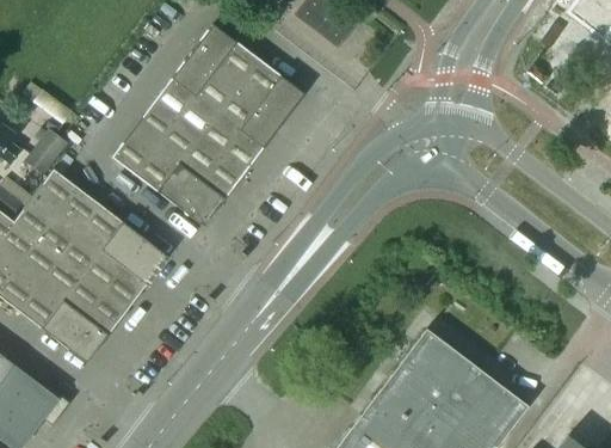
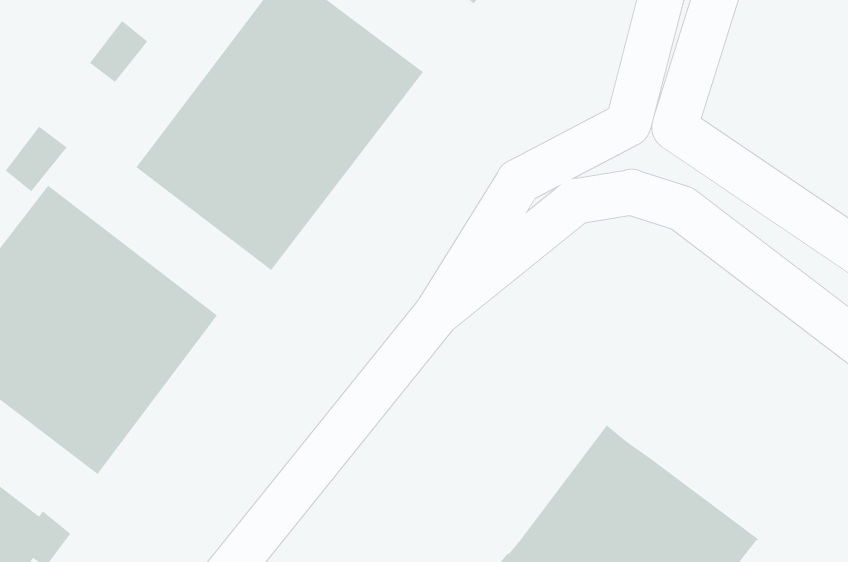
building: none -> [89,20,148,83]

